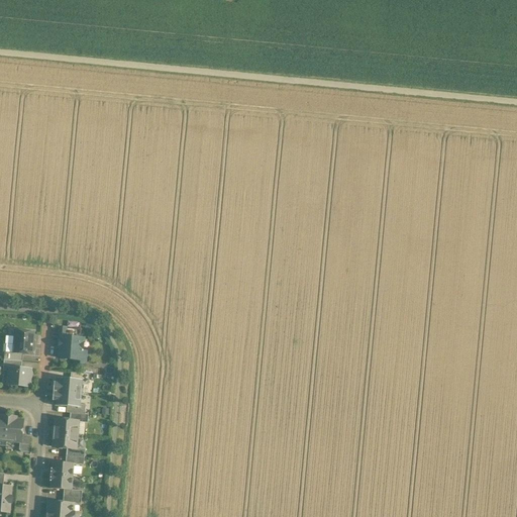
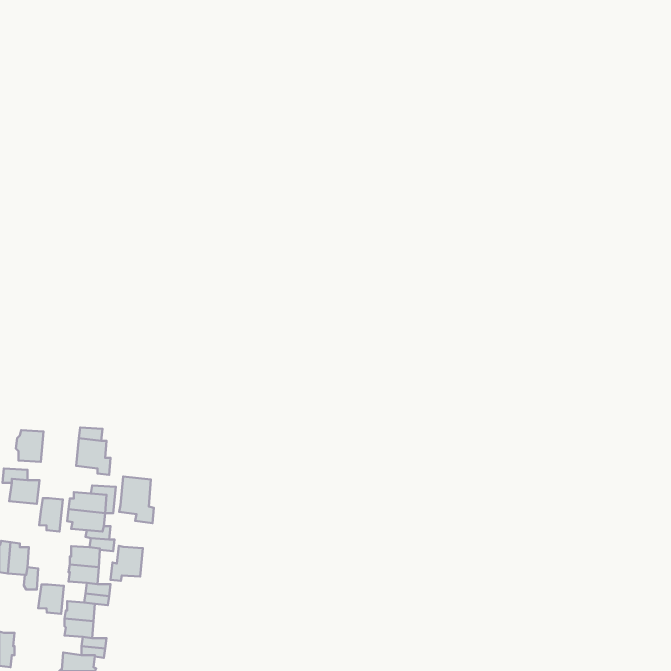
building: none -> [119,476,154,523]
building: none -> [39,498,63,532]
building: none -> [110,546,143,581]
building: none -> [38,584,64,614]

